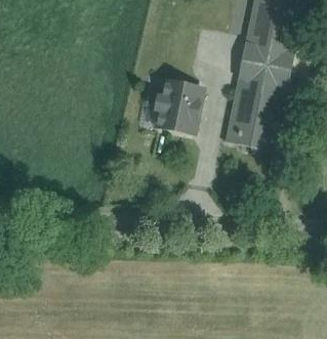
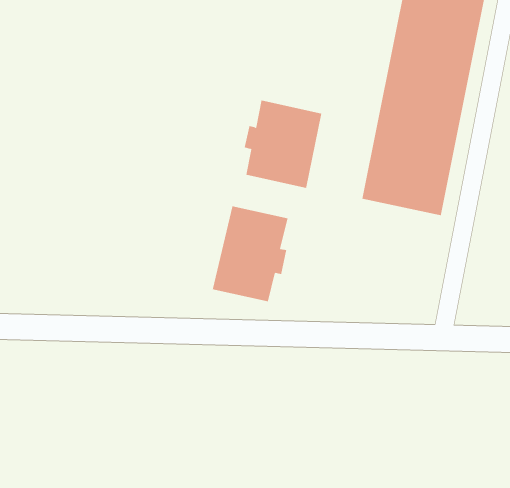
building: none -> [212,205,288,302]

